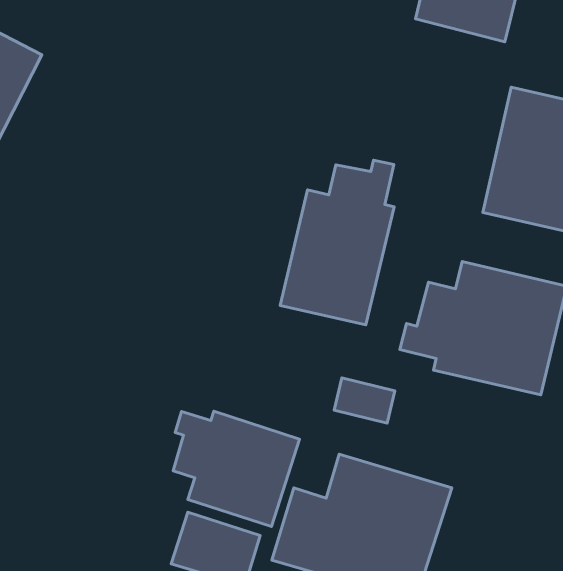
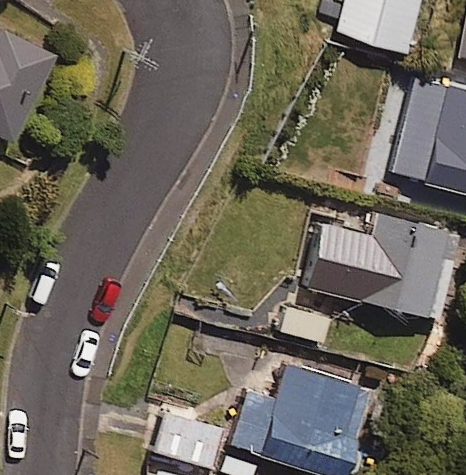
building: [280,160,394,325] -> none
building: [173,411,299,526] -> none

